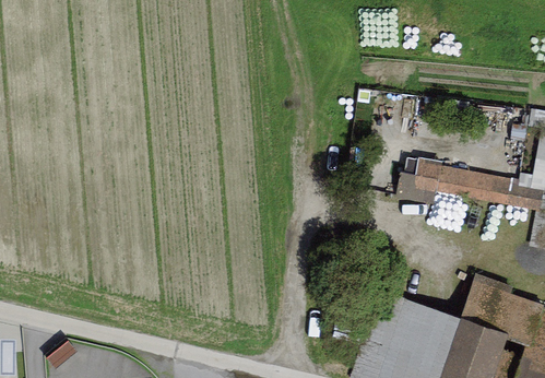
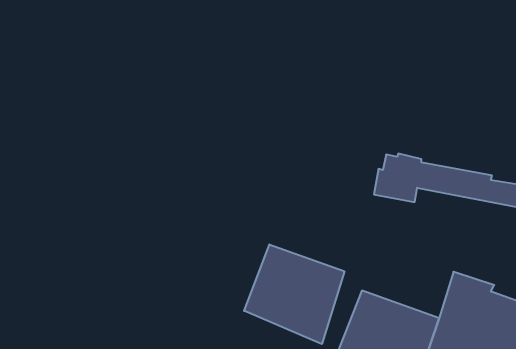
building: none -> [244,244,344,344]

